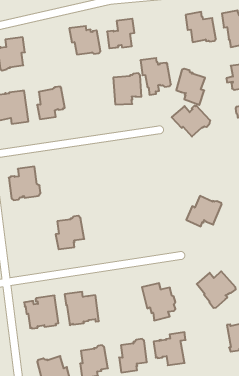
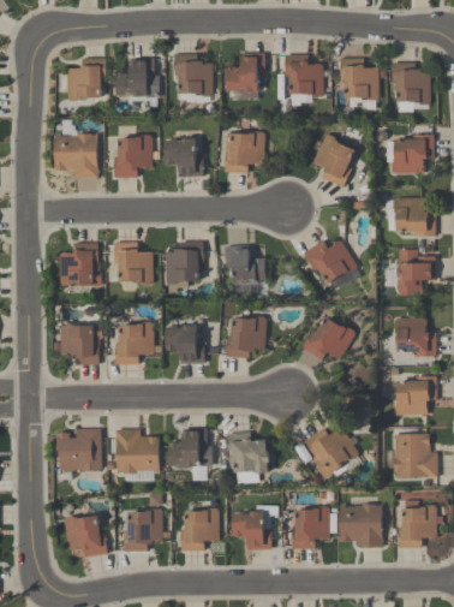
building: none -> [115,58,159,97]
building: [140,58,171,95] -> [285,54,323,105]
building: none -> [163,138,203,175]
building: [172,105,210,137] -> [303,239,357,284]
building: none -> [225,244,267,285]
building: none -> [165,242,203,292]
building: none -> [113,242,153,285]
building: none -> [226,316,265,357]
building: none -> [165,325,204,364]
building: none -> [60,322,102,365]
building: none -> [168,428,213,468]
building: none -> [291,506,336,549]

